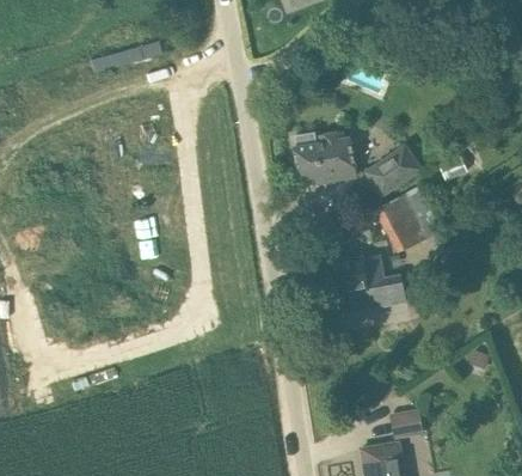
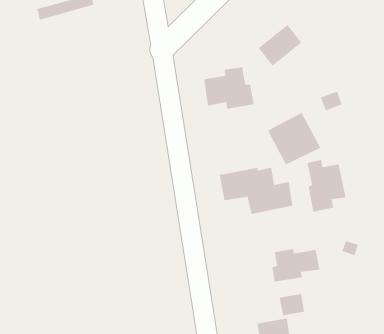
building: [368,142,423,195] -> [258,24,302,67]
building: none -> [307,159,346,212]
building: none -> [272,248,320,283]

